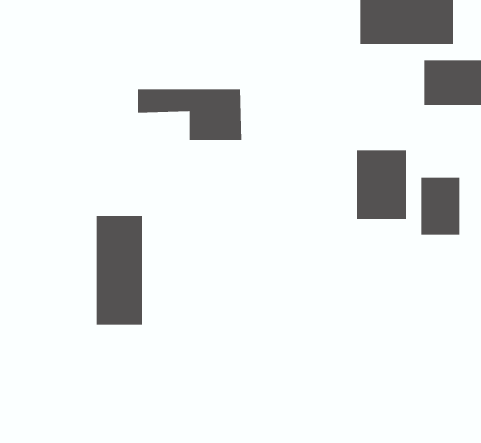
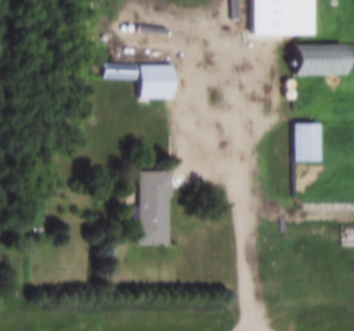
building: [357,149,407,220] -> none
building: [96,215,143,325] -> [139,171,171,244]

